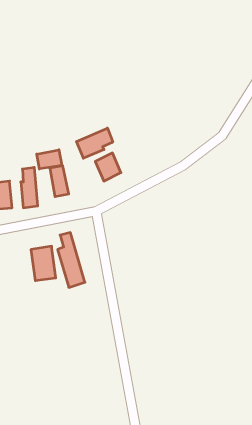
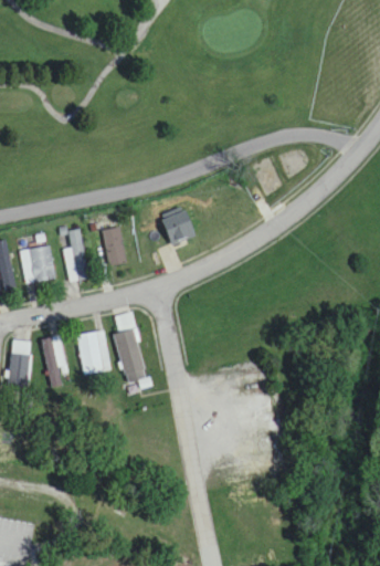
building: [76,128,113,158] -> none
building: [37,150,62,169] -> none
building: none -> [43,336,67,387]

